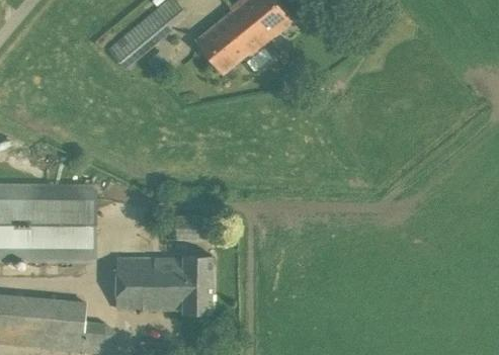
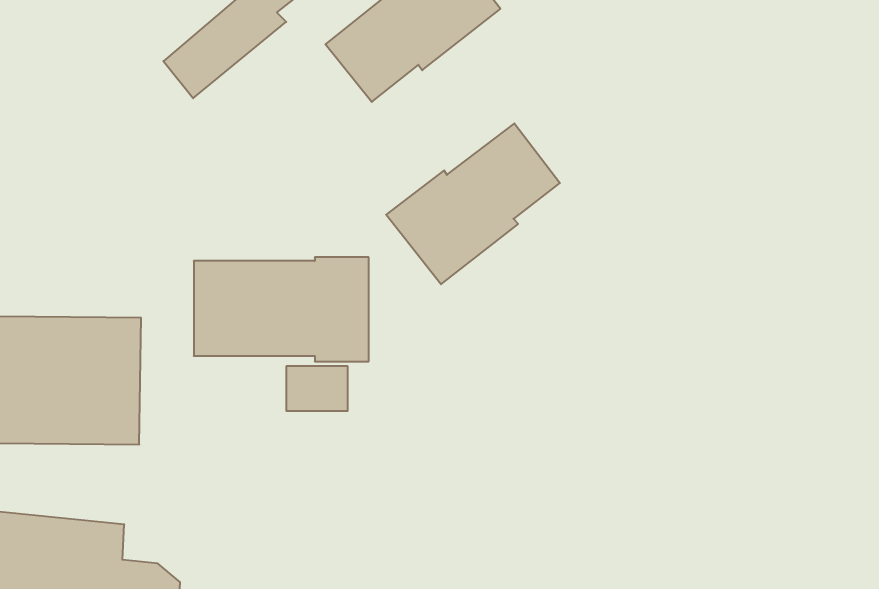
building: none -> [386,123,560,284]
building: [114,256,210,313] -> [194,257,369,361]

